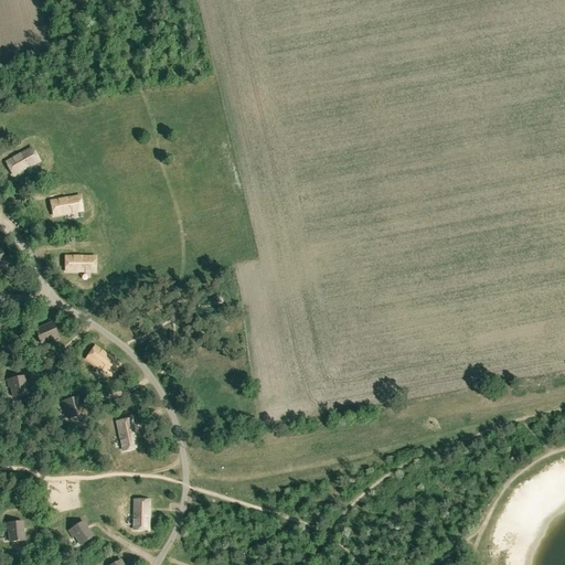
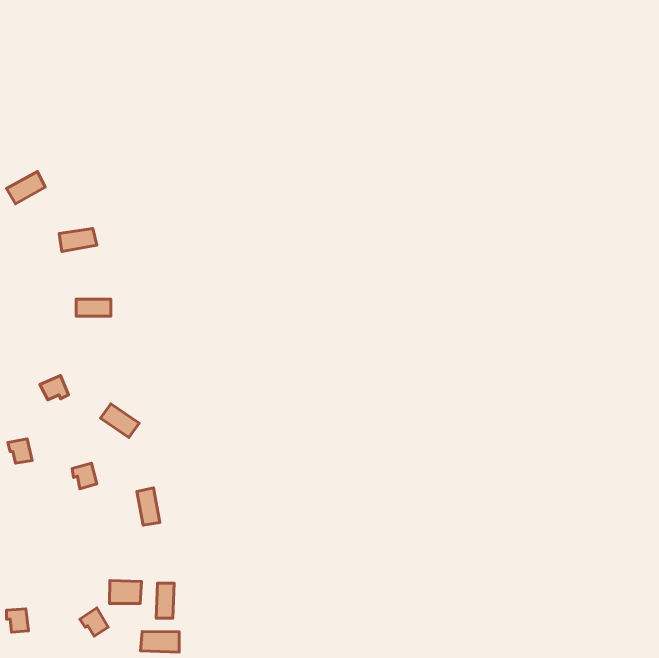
building: none -> [110,580,142,604]
building: none -> [141,631,179,652]

